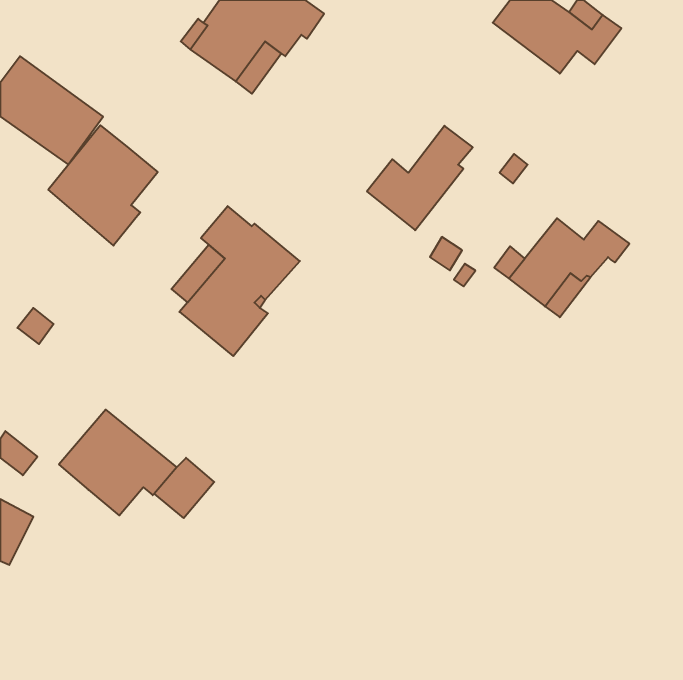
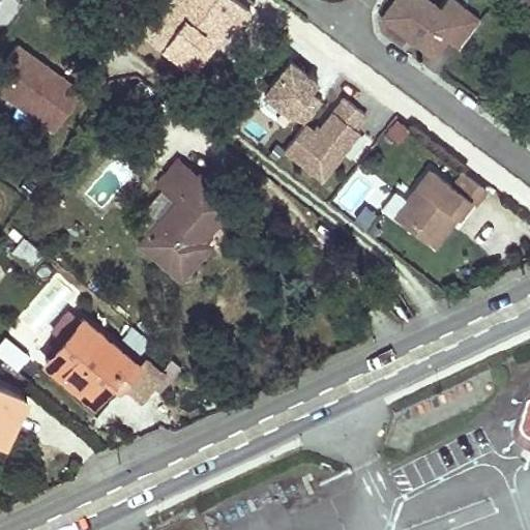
building: none -> [265,62,323,126]
building: [48,125,158,246] -> none

